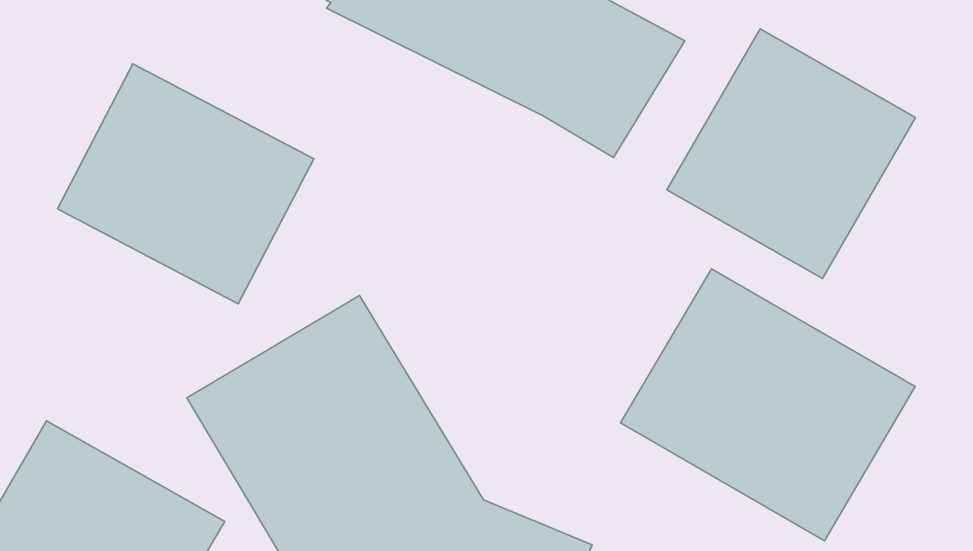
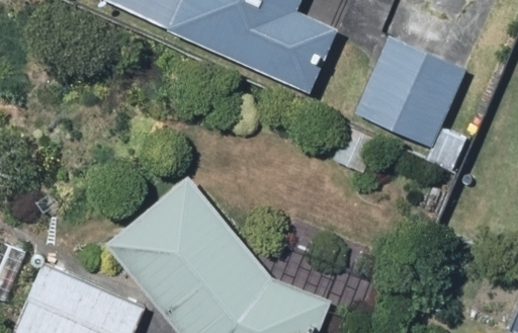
building: [57,64,314,304] -> none
building: [621,269,915,541] -> none

